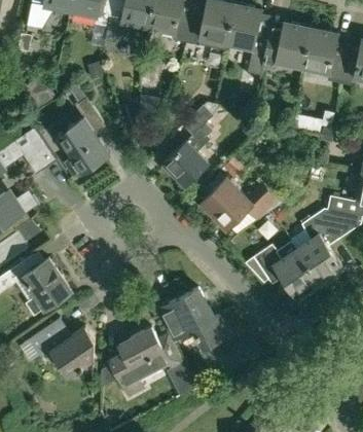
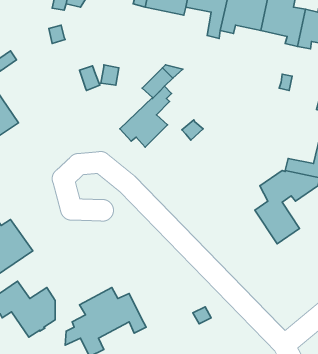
building: [58,98,109,172] -> none
building: [201,177,282,233] -> none
building: [253,245,319,298] -> none
building: [153,288,228,358] -> none

